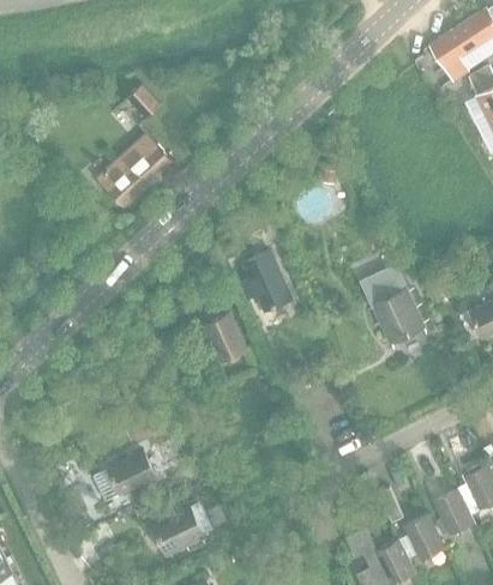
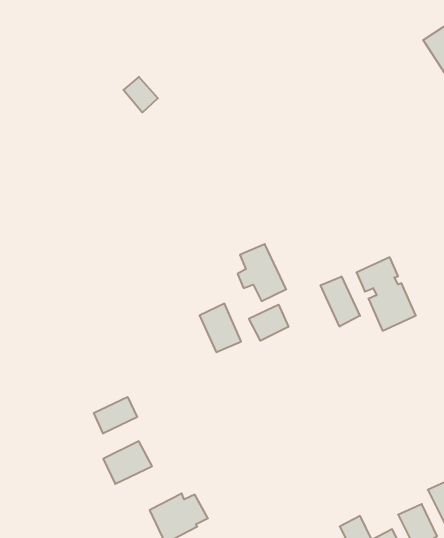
building: [103,134,169,206] -> none
building: none -> [321,276,360,327]
building: none -> [249,305,288,341]
building: none -> [94,397,137,434]

